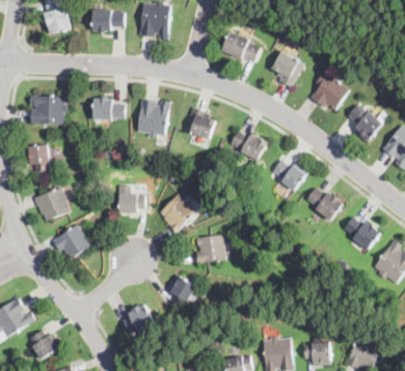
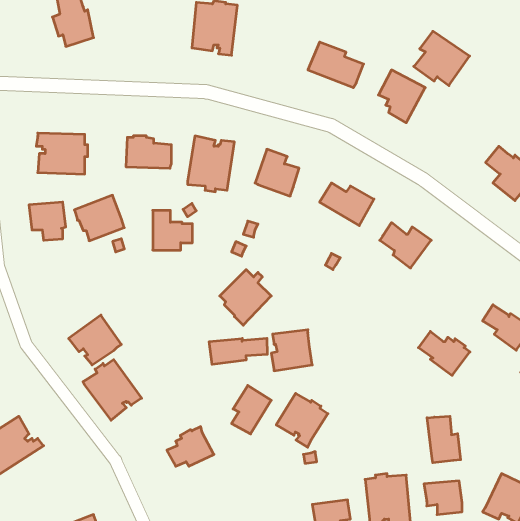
building: [91,10,124,31] -> none
building: [309,72,349,110] -> [414,31,470,86]
building: [117,185,145,213] -> [153,210,192,250]
building: [34,188,70,220] -> [74,195,124,241]
building: [306,188,343,219] -> [418,331,470,375]
building: none -> [209,338,267,364]
building: none -> [83,360,142,420]
building: none -> [276,393,328,447]
building: none -> [427,416,461,463]
building: [28,329,59,359] -> none

